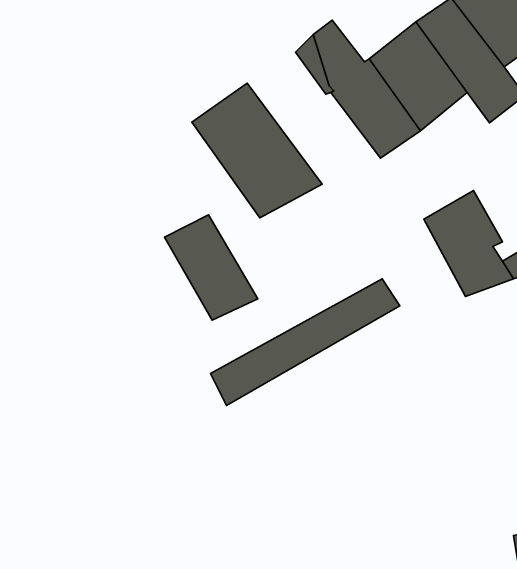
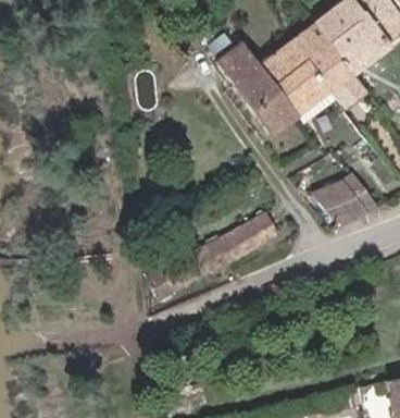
building: [192,83,322,218] -> none
building: [164,215,258,320] -> none

